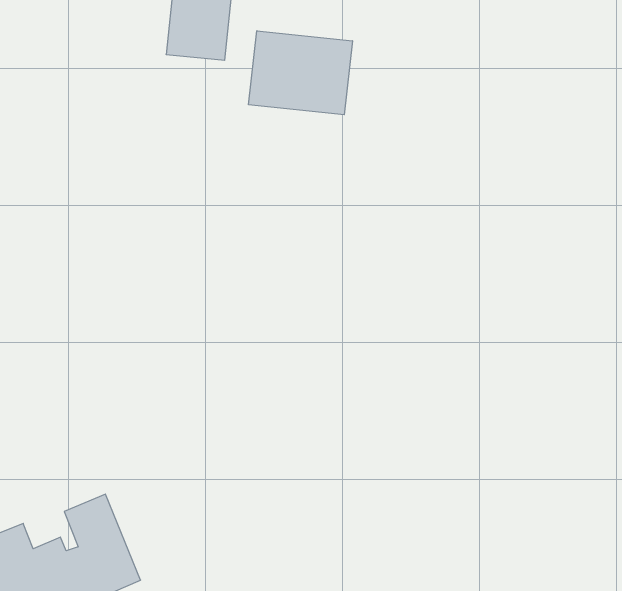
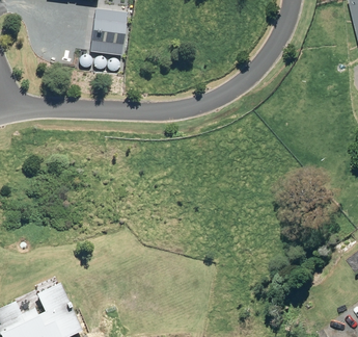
building: [249,31,352,115] -> none

